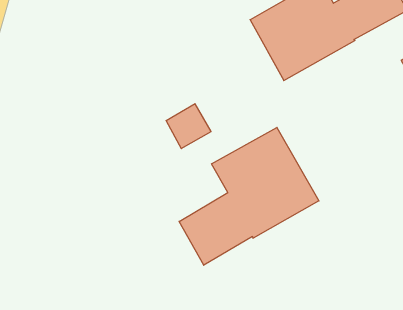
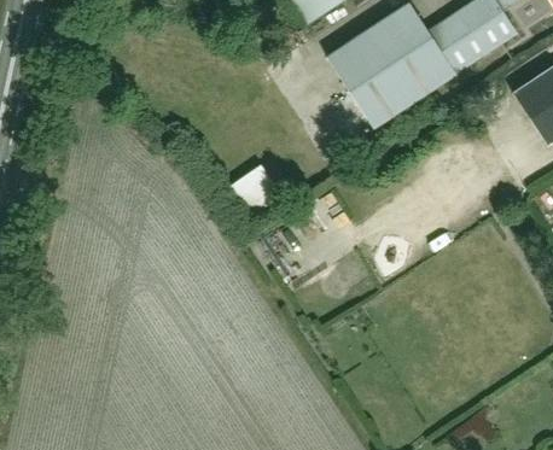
building: [179,127,319,265] -> none

